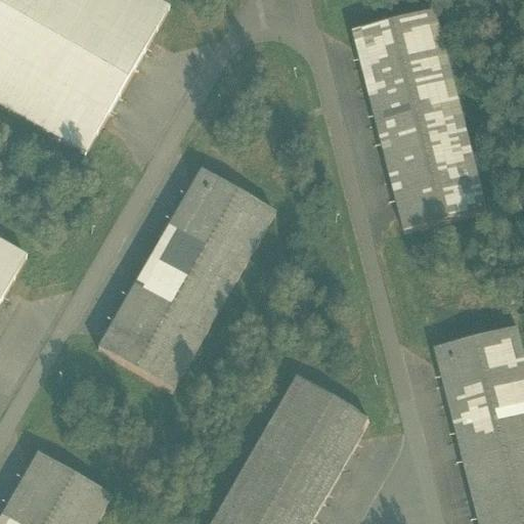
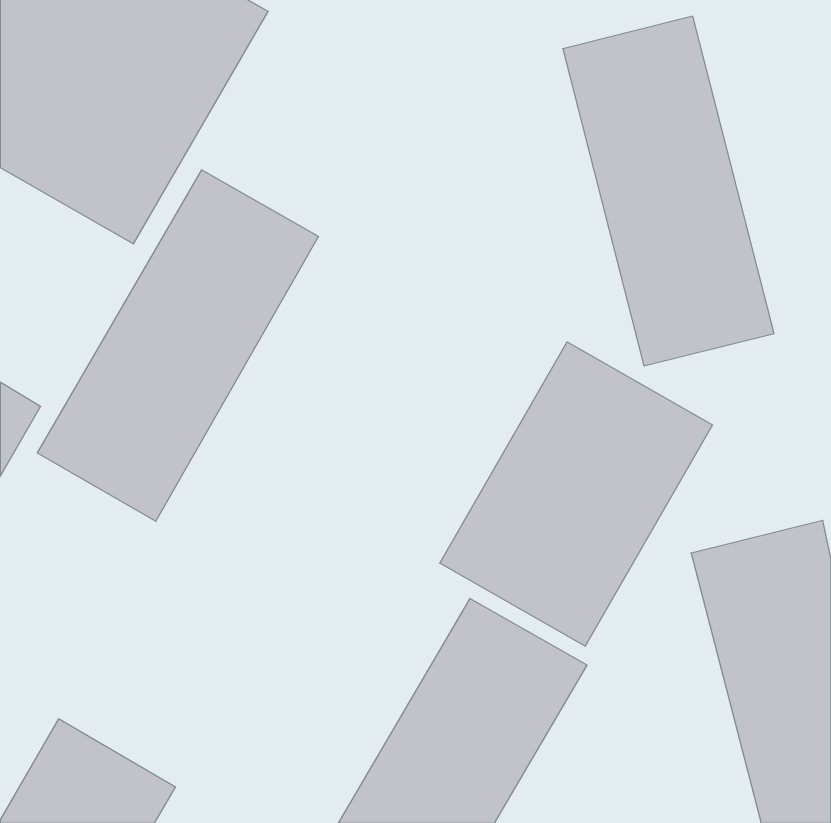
building: [97,170,274,391] -> [37,170,319,521]
building: none -> [440,342,712,646]

